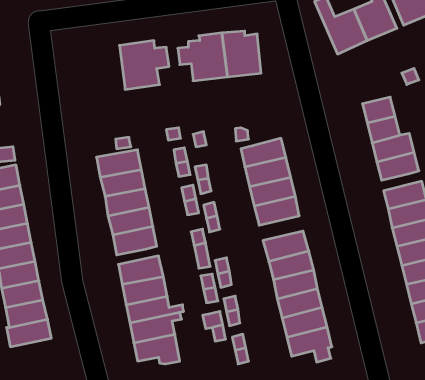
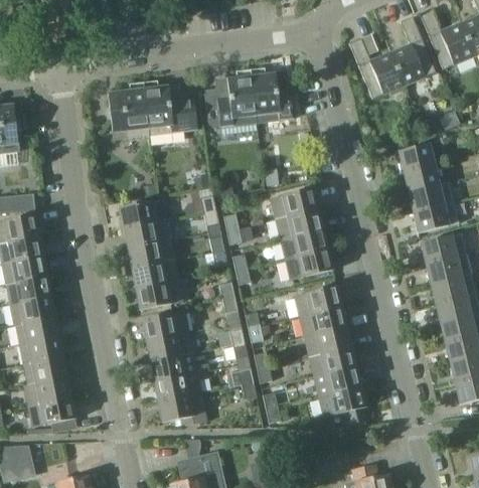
building: none -> [109,90,149,141]
building: none -> [28,397,77,435]

